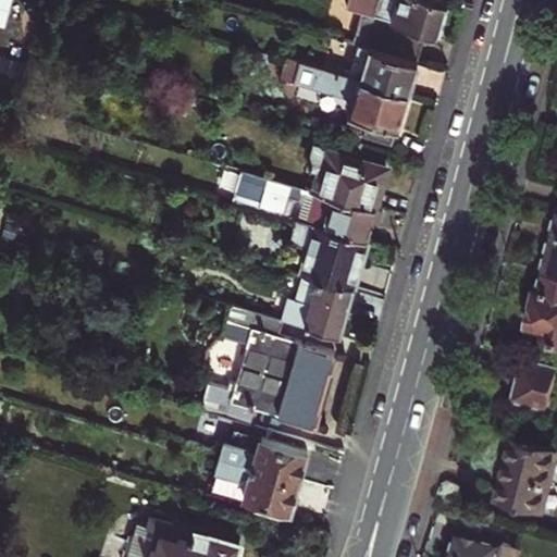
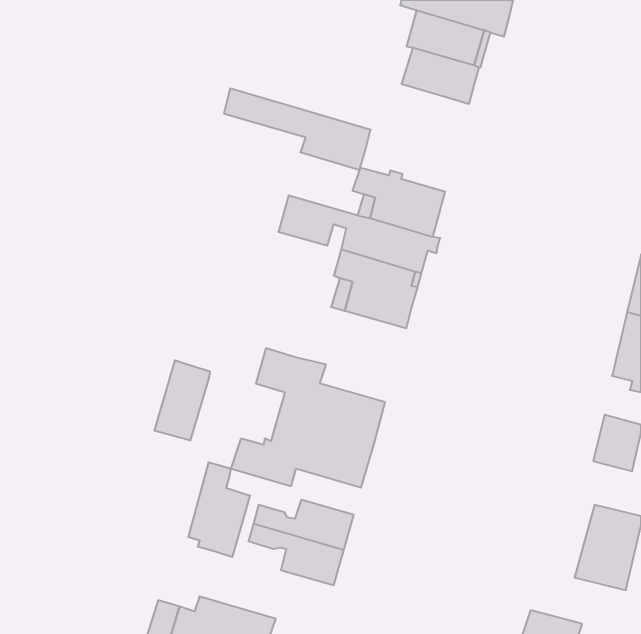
building: [280,60,407,131] -> [224,88,371,170]
building: [283,276,352,338] -> none
building: none -> [155,360,210,441]
building: none -> [188,462,250,557]

